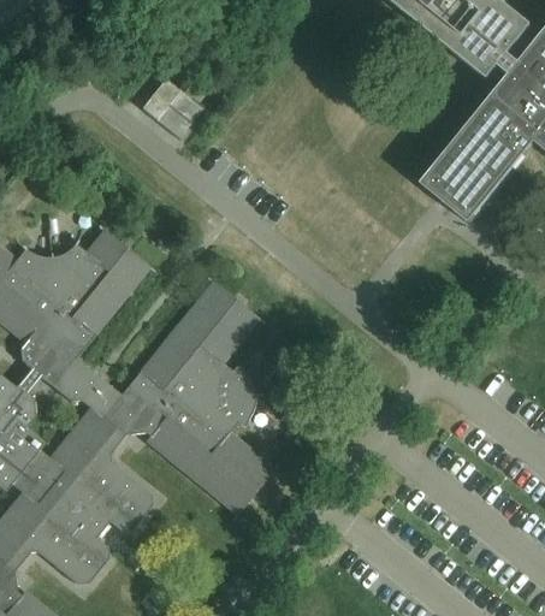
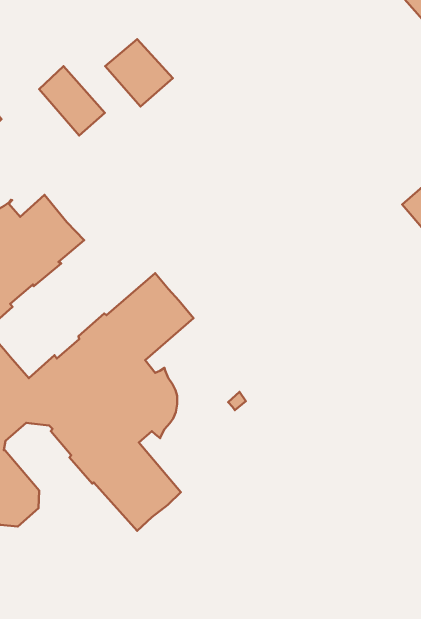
building: none -> [39,66,105,135]

